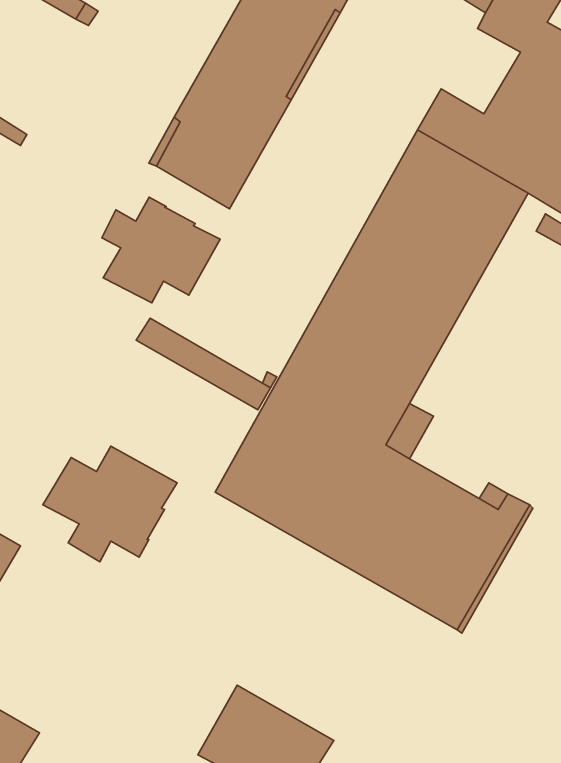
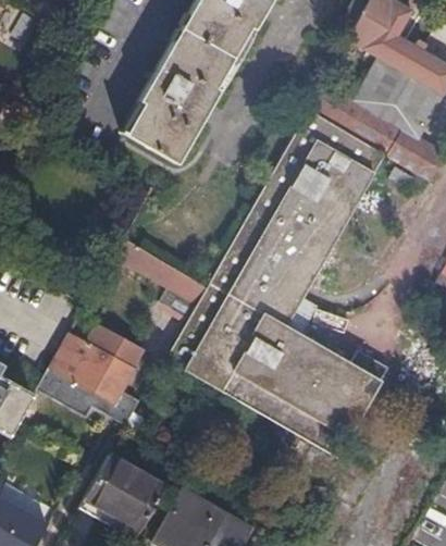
building: [102,197,220,303] -> none
building: none -> [38,368,141,425]
building: none -> [82,456,166,537]

